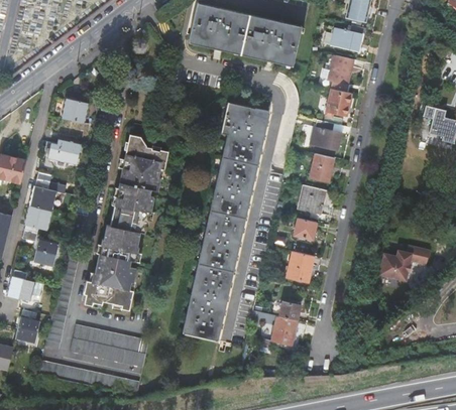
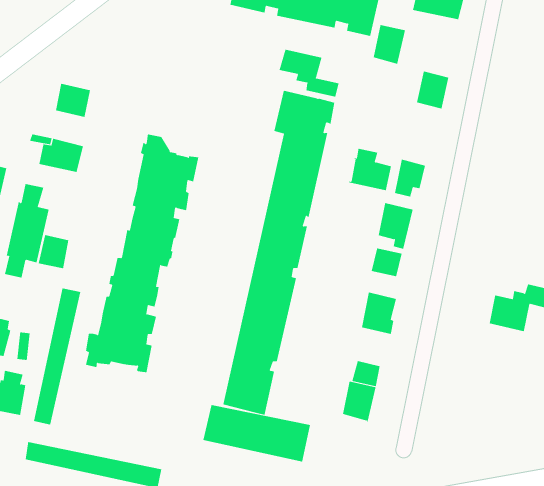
building: [330,55,354,85] -> [373,25,406,64]
building: none -> [279,49,339,97]
building: [310,120,342,151] -> [348,148,392,191]
building: [35,239,59,264] -> [38,235,69,269]
building: [70,324,149,367] -> [202,404,311,462]

